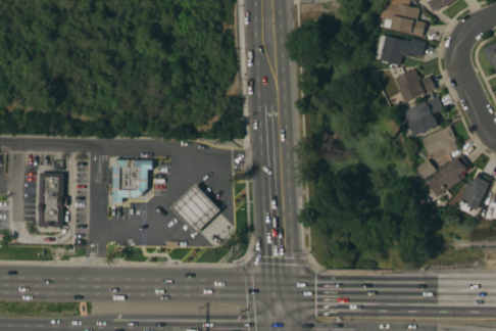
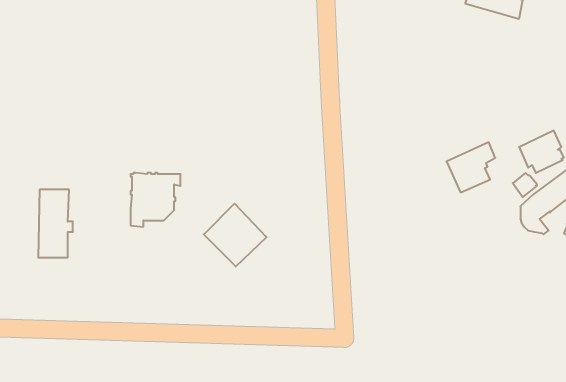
building: [376,35,426,66] -> none
building: [395,68,436,102] -> none
building: [404,96,443,136] -> [446,142,495,192]

